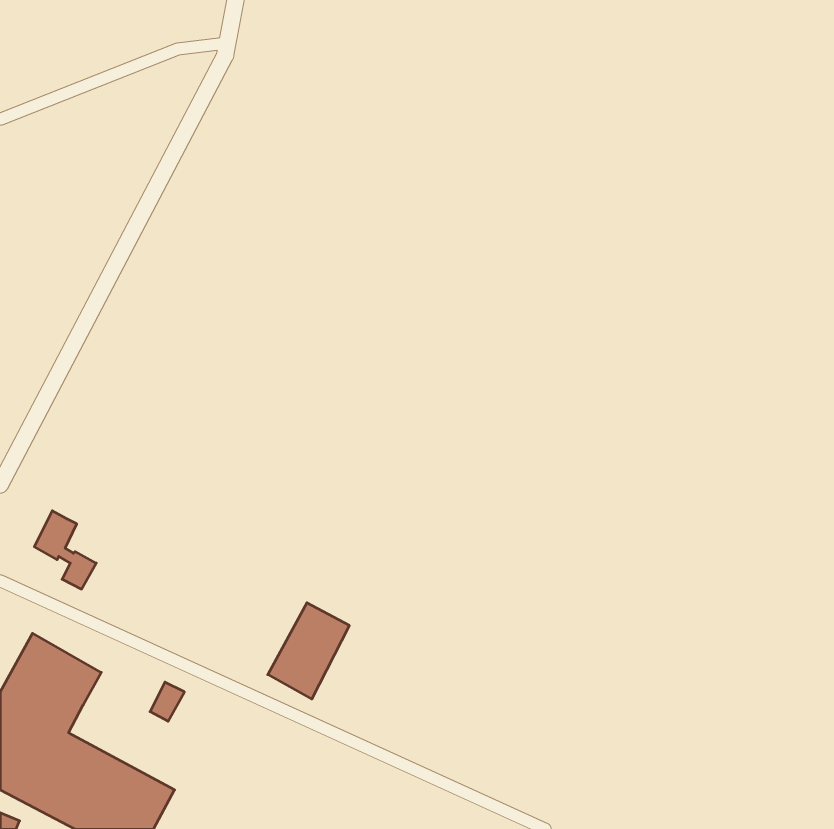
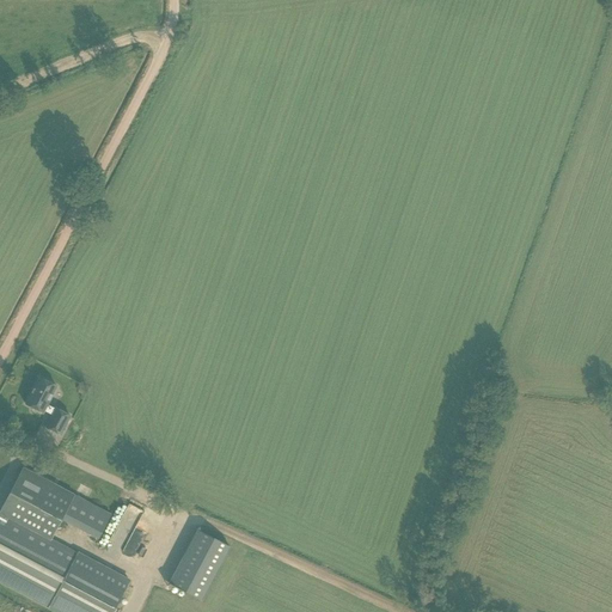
building: [268,603,349,699] -> [169,527,228,598]
building: none -> [61,492,110,536]

